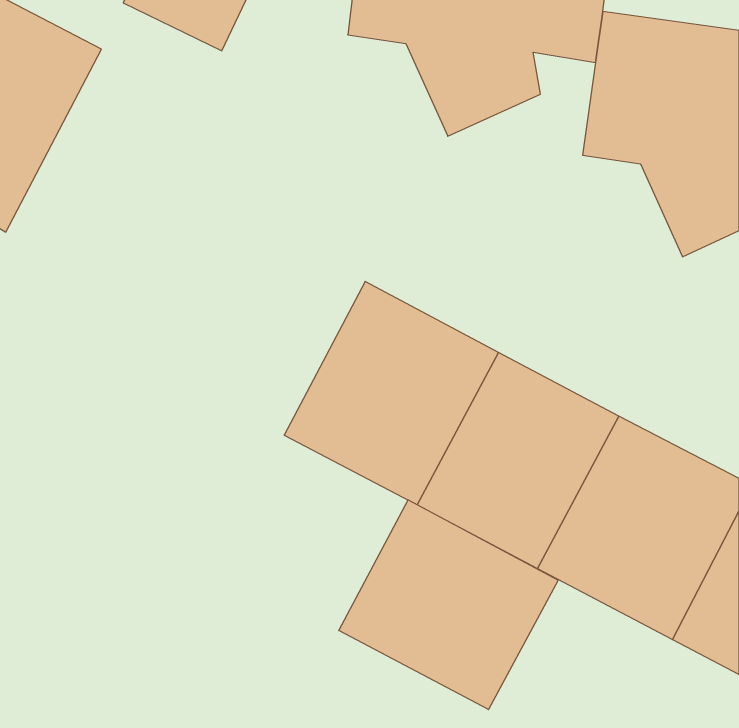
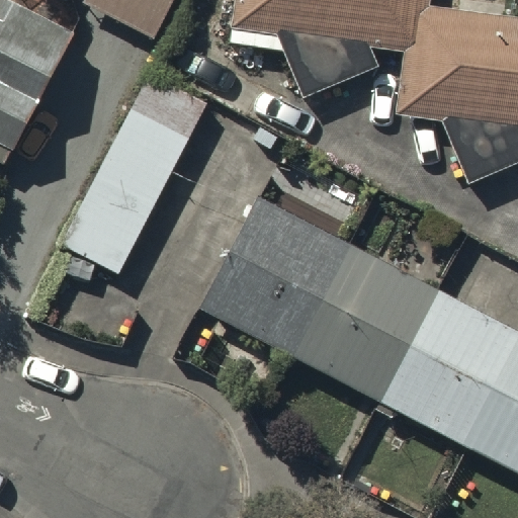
building: none -> [70,78,208,274]
building: [339,500,558,710] -> none

